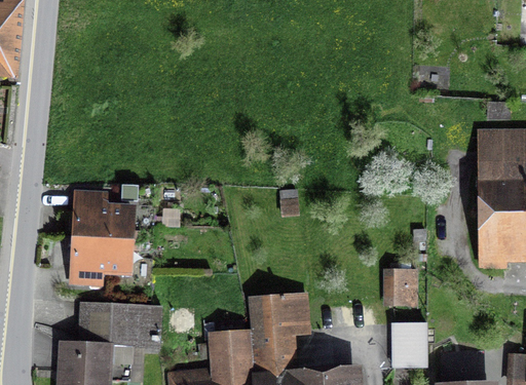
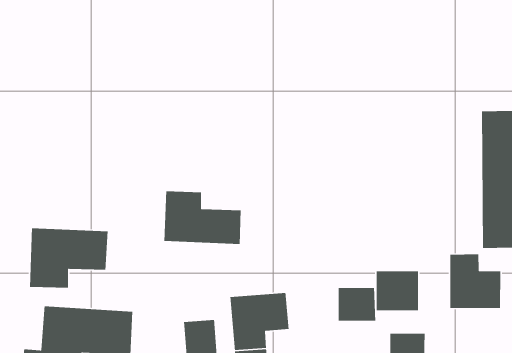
building: [70,188,141,237] -> [163,191,242,245]
building: none -> [449,254,501,309]
building: none -> [338,287,376,322]

